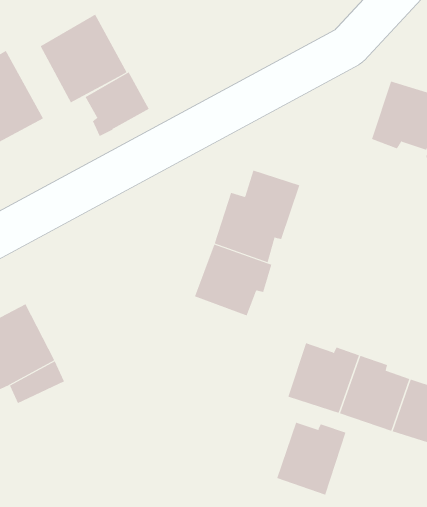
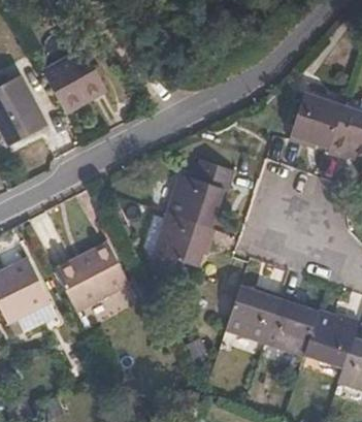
building: [85,72,149,137] -> none
building: none -> [56,241,128,311]
building: [276,422,346,495] -> none

